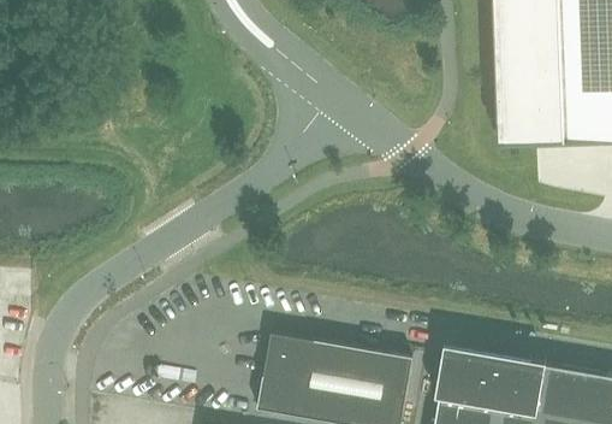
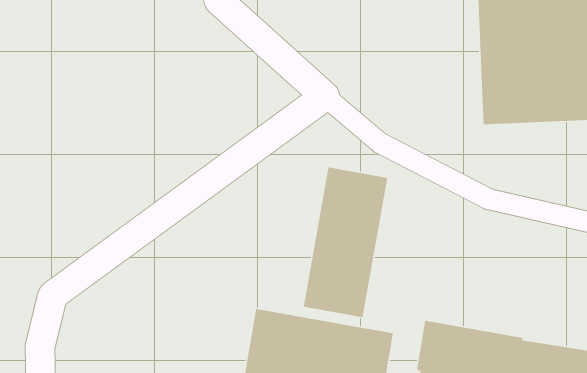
building: none -> [303,167,388,318]

